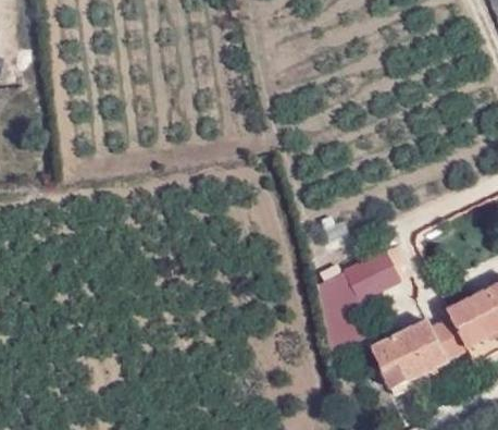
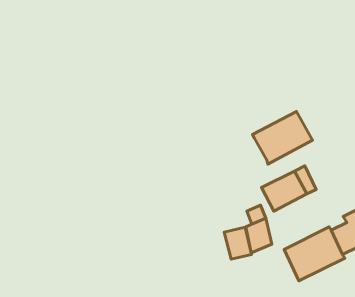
building: none -> [252,111,312,164]
building: none -> [224,227,251,259]

